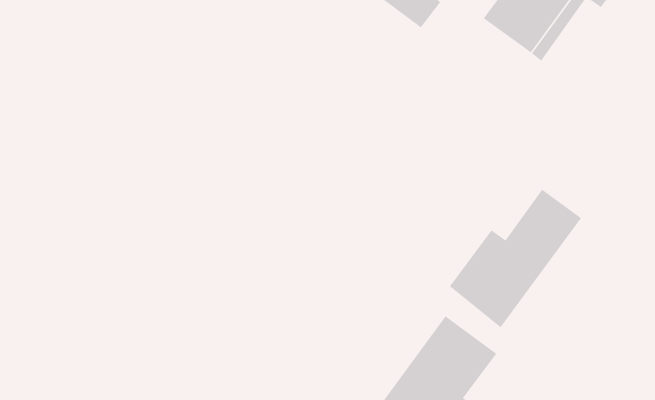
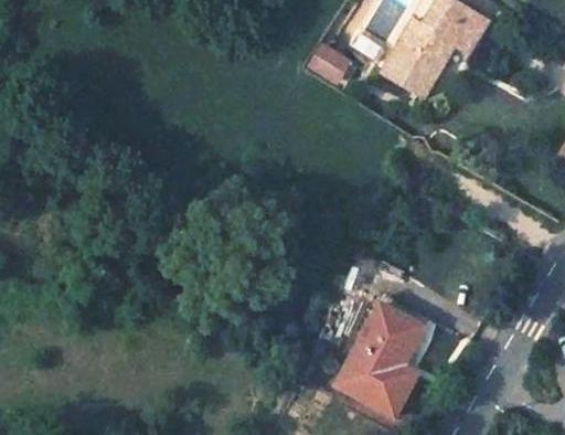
building: [449,189,582,328] -> none

